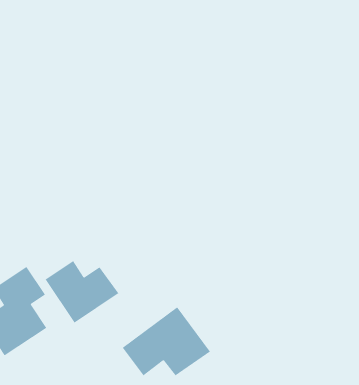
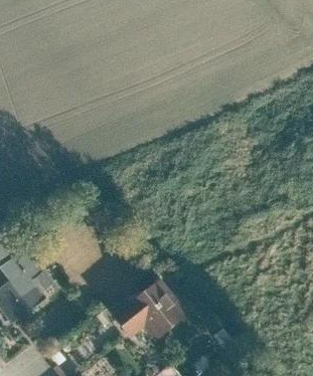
building: [45,260,119,324] -> none

